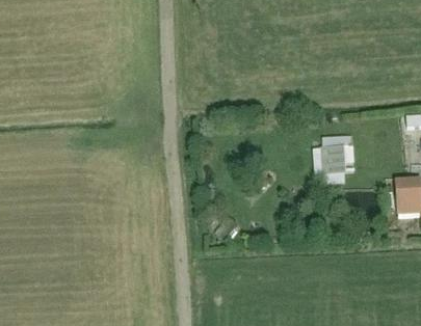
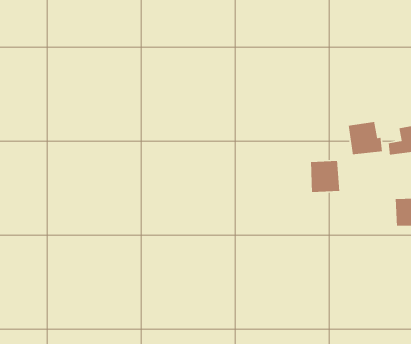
building: none -> [348,121,383,155]

